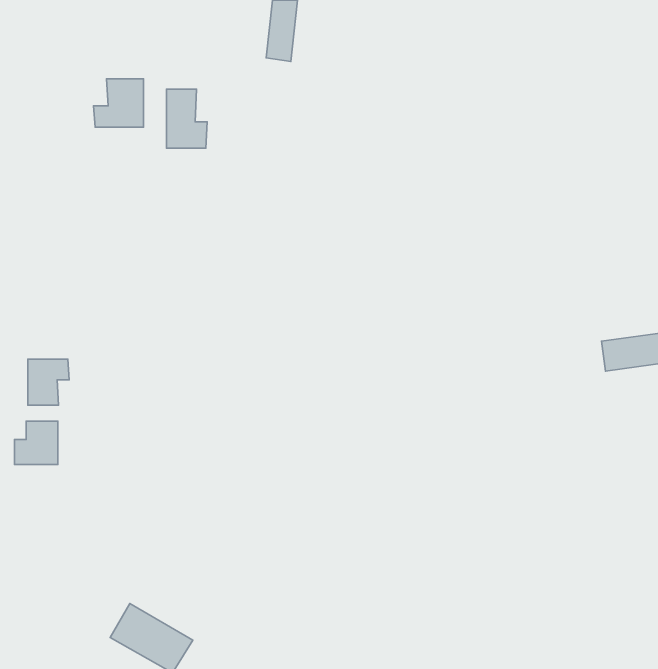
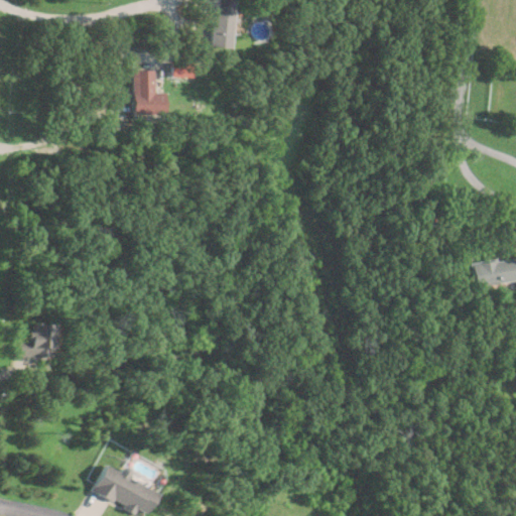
building: [94,79,144,127] -> none
building: [28,359,69,405] -> none

